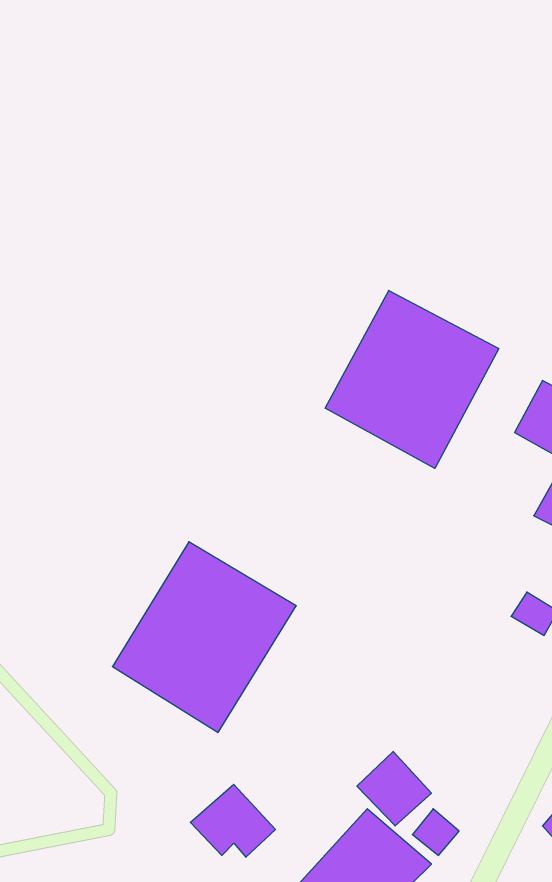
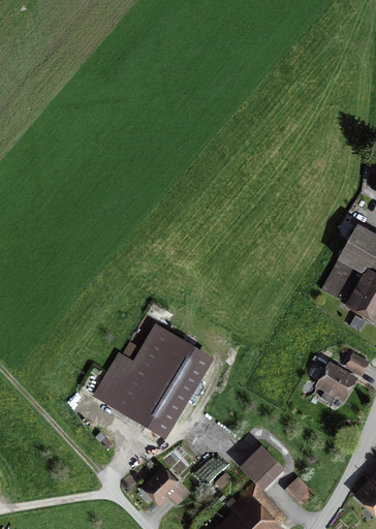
building: [325,290,499,468] -> none
building: none -> [323,258,356,298]
building: none -> [310,364,357,405]

